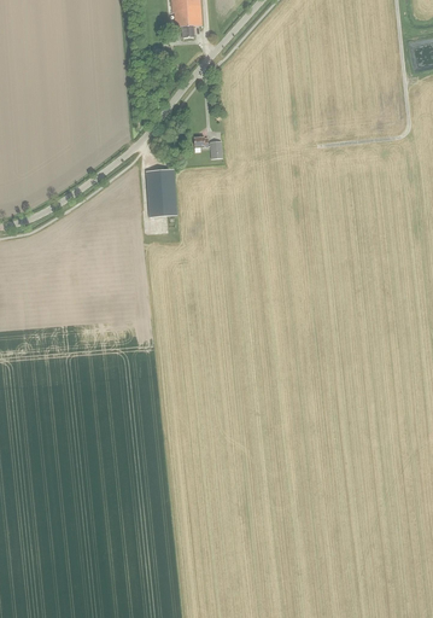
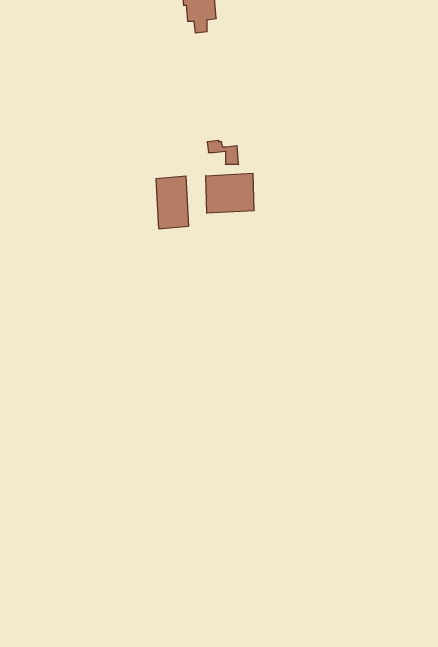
building: none -> [206,173,254,213]

